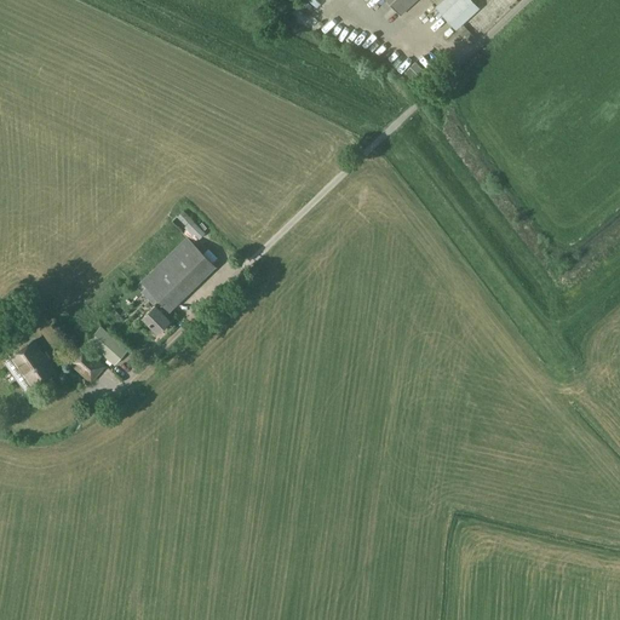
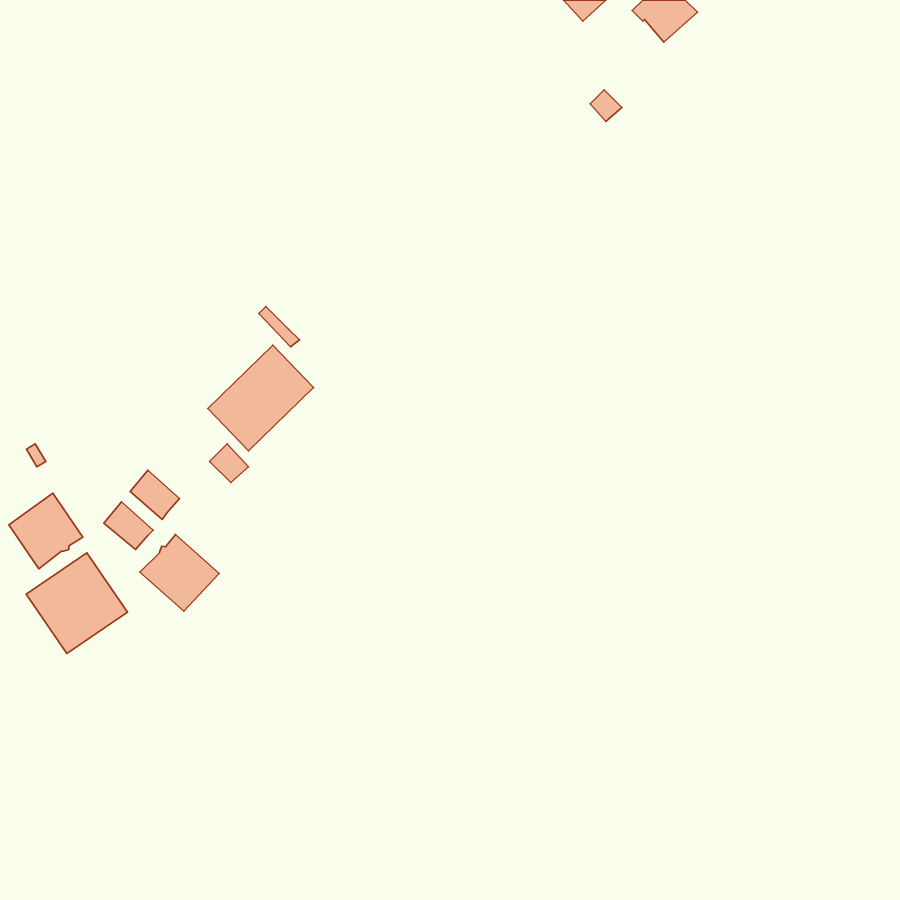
building: none -> [140,535,219,611]
building: none -> [26,553,127,653]

